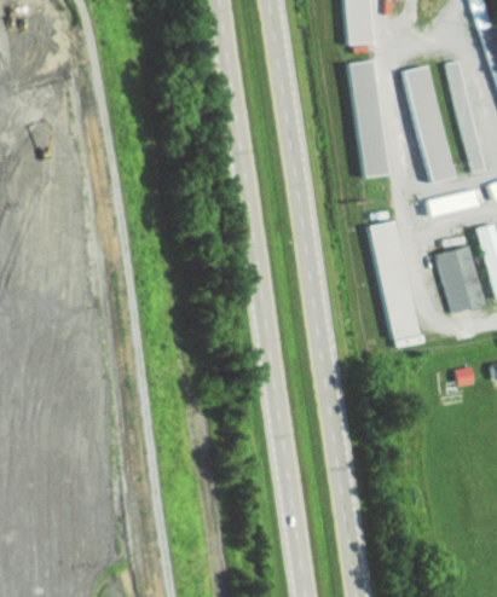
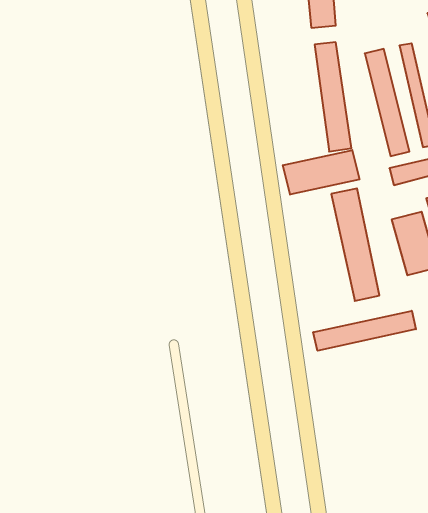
building: none -> [283,150,359,195]
building: none -> [313,311,416,351]

